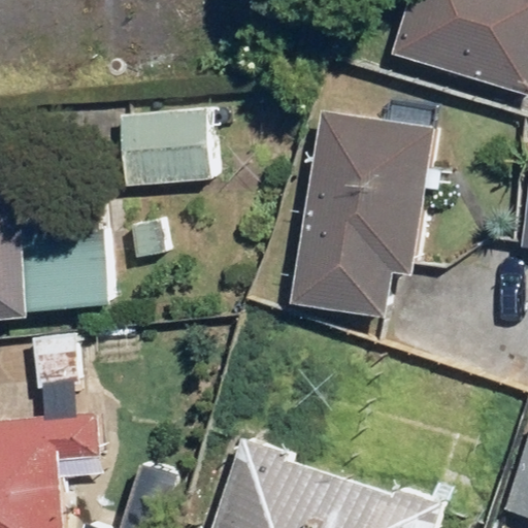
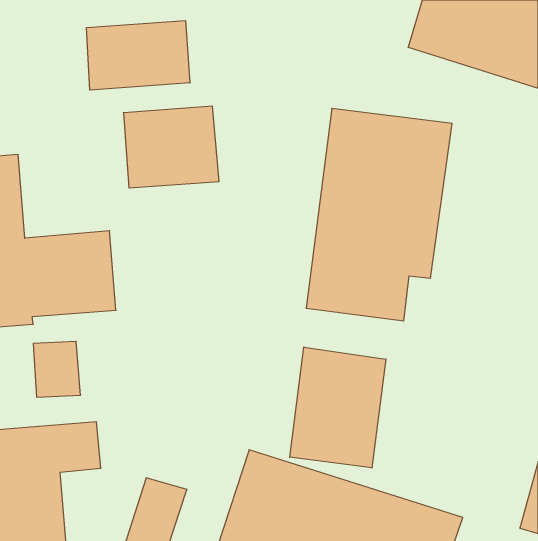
building: none -> [86,21,190,90]
building: none -> [290,347,386,468]

